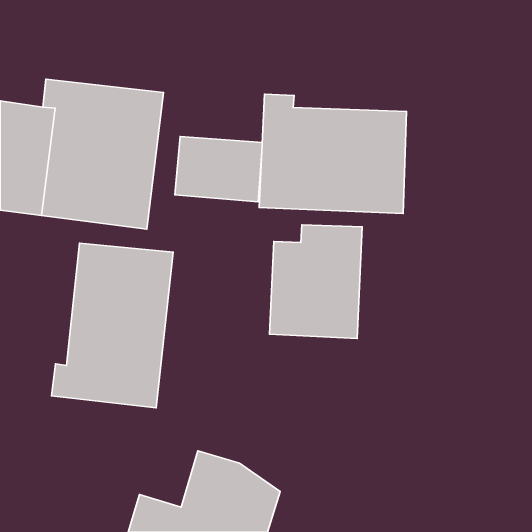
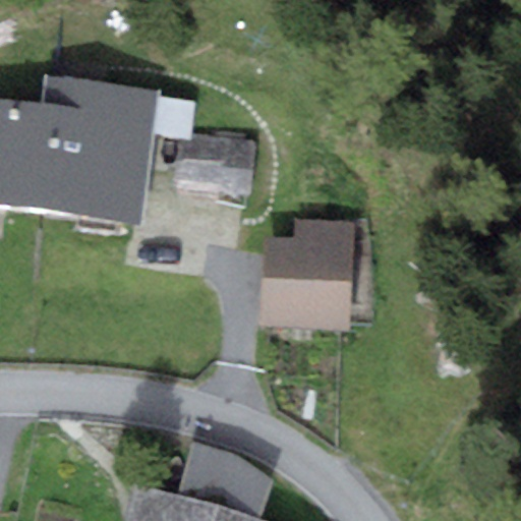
building: [259,94,406,213] -> none
building: [52,243,173,408] -> none

